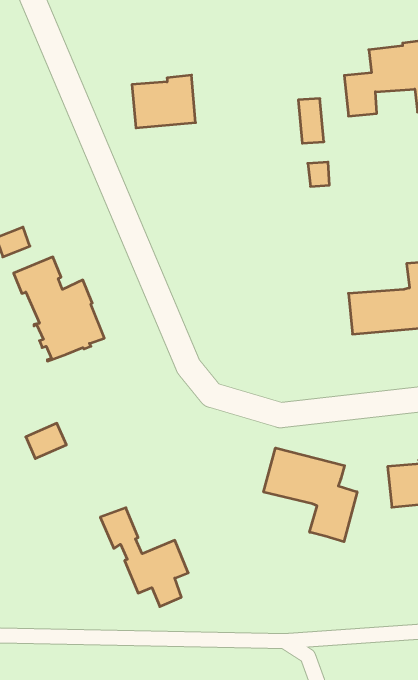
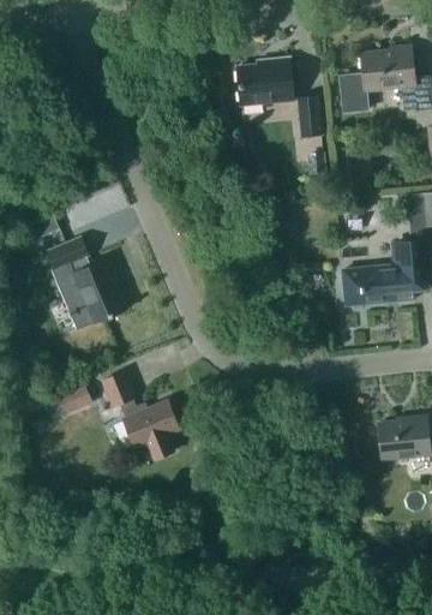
building: [132,75,196,128] -> [236,58,293,105]
building: [264,448,357,542] -> none
building: [100,508,188,607] -> [101,371,179,459]

